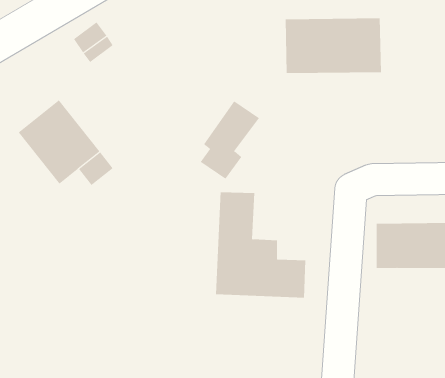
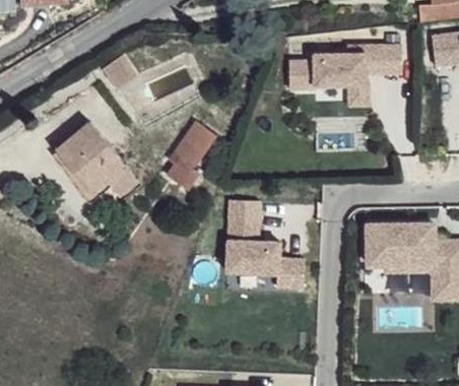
building: none -> [374,42,402,72]
building: [200,100,260,180] -> [167,121,218,189]

